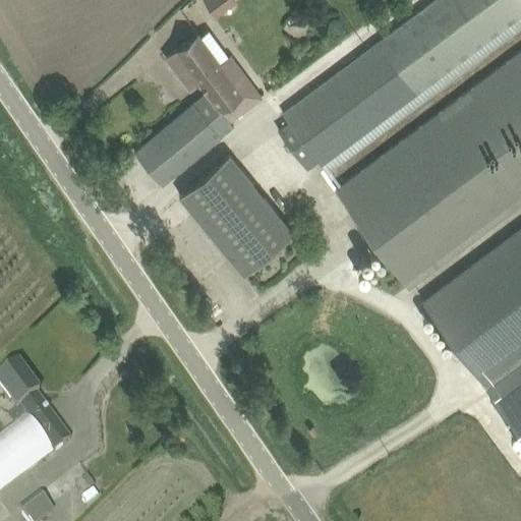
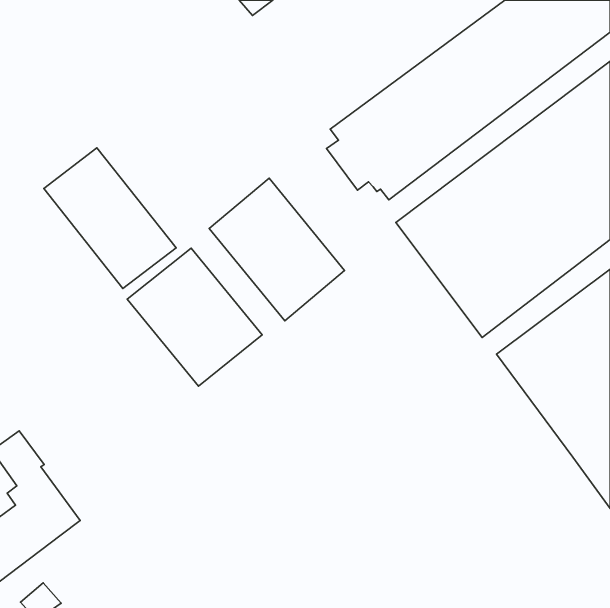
building: [134,36,258,186] -> none
building: none -> [44,148,176,288]
building: none -> [127,248,262,386]

